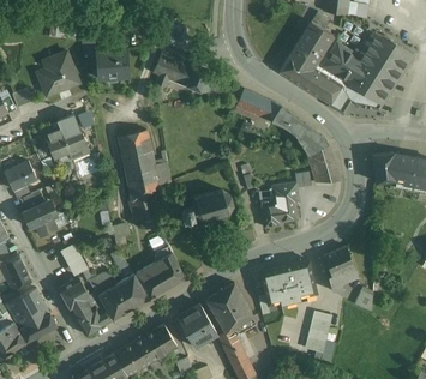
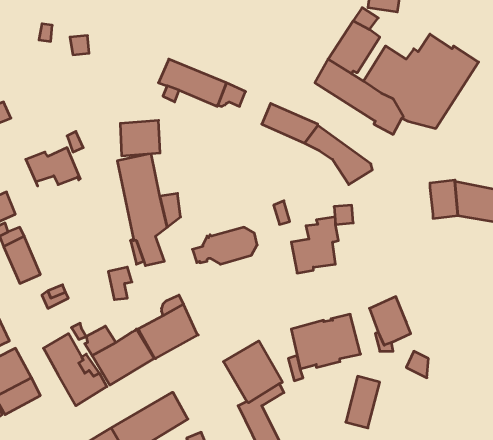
building: [96,50,128,79] -> [120,120,160,156]
building: [38,52,79,96] -> none
building: [307,144,340,184] -> none
building: [178,306,217,348] -> none

